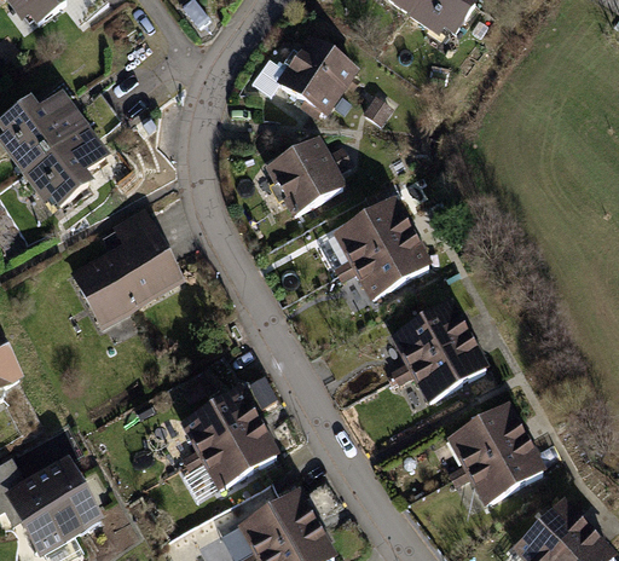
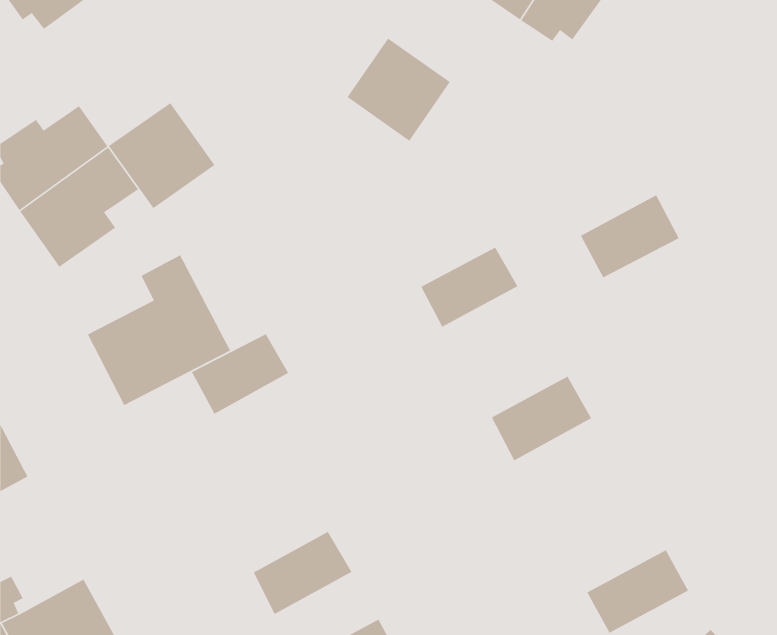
building: none -> [108,102,215,209]
building: [261,133,351,212] -> none
building: [349,229,428,295] -> [580,194,680,279]
building: [406,332,486,399] -> none
building: [183,389,260,453] -> [191,333,289,415]
building: [446,403,526,469] -> none

